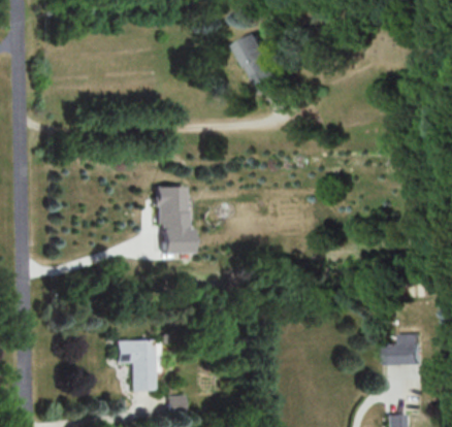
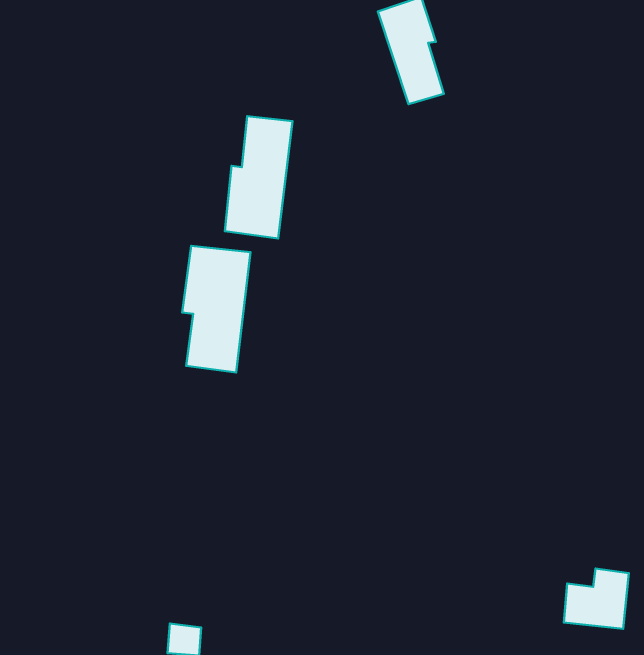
building: none -> [225,116,292,239]
building: [118,339,158,391] -> none

